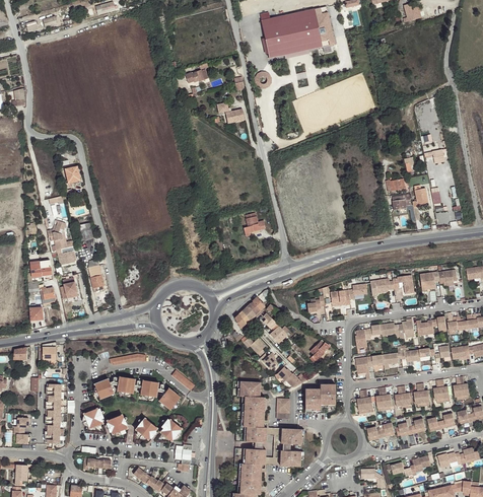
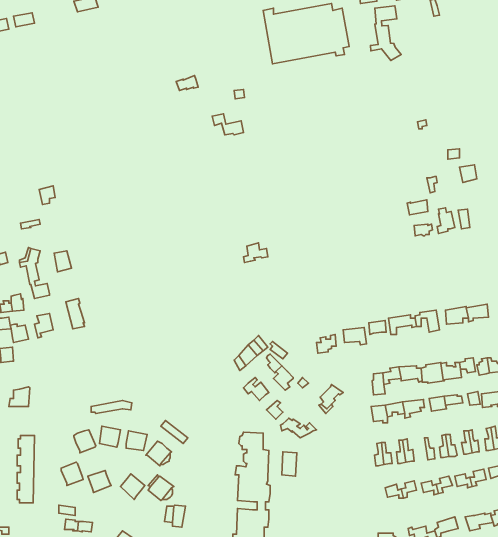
building: none -> [371,6,401,60]
building: [305,384,336,409] -> none
building: [273,428,302,467] -> none

